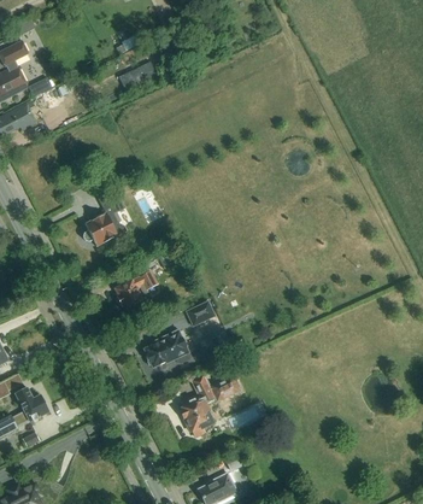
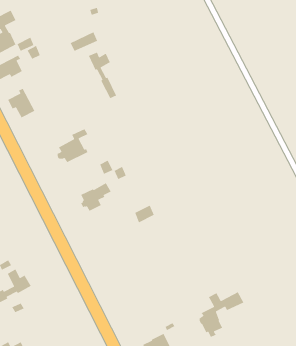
building: none -> [88,51,117,99]
building: none -> [7,88,35,119]
building: [143,330,190,371] -> none
building: [180,374,241,436] -> [199,291,245,338]

